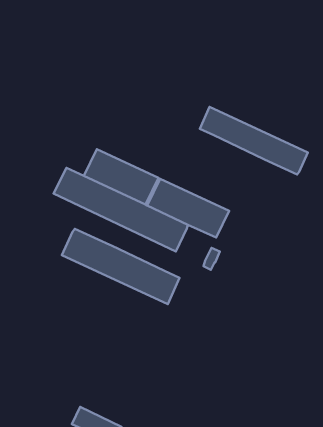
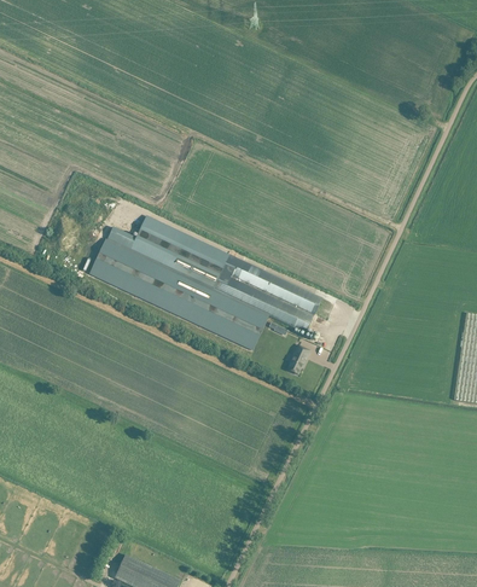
building: [200,107,308,175] -> none
building: [62,229,180,304] -> none

